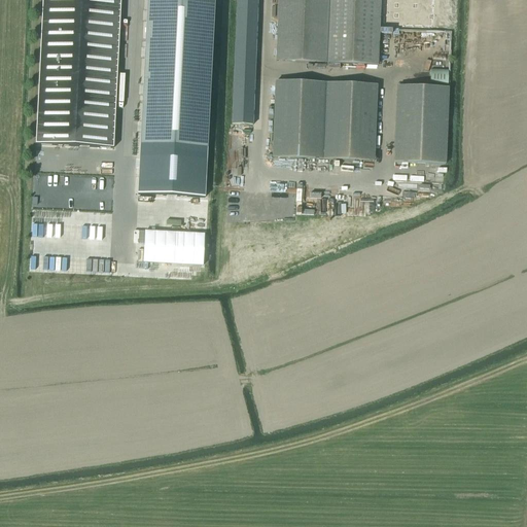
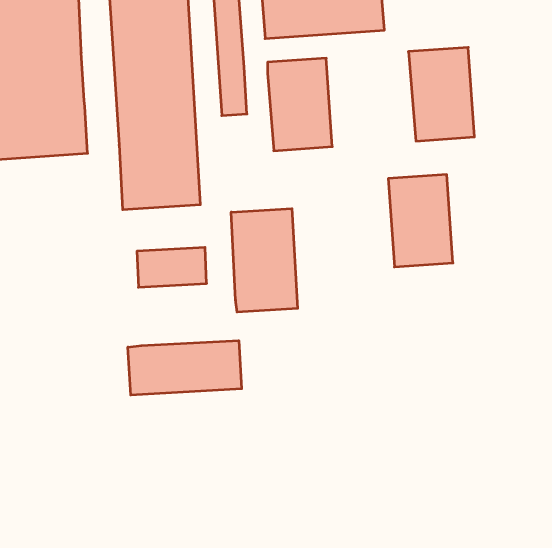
building: [324,81,378,160] -> [388,175,453,267]
building: none -> [231,209,298,312]
building: none -> [128,341,242,395]

